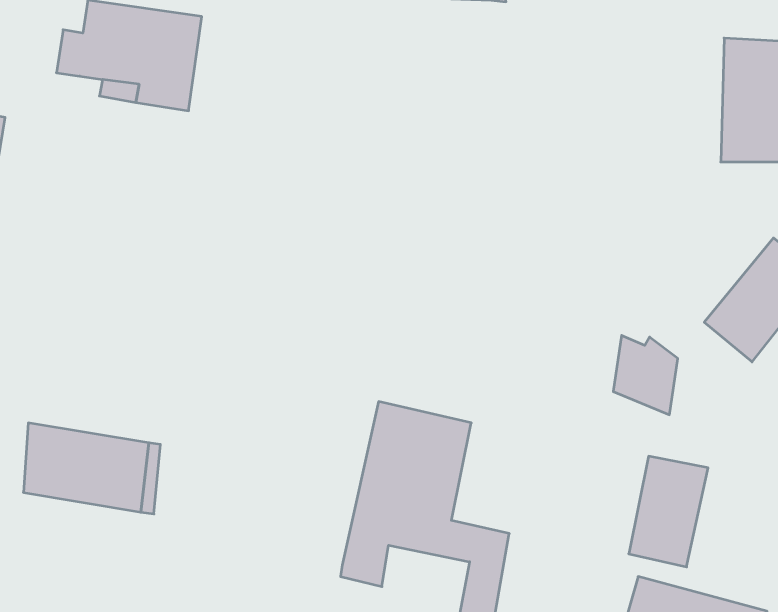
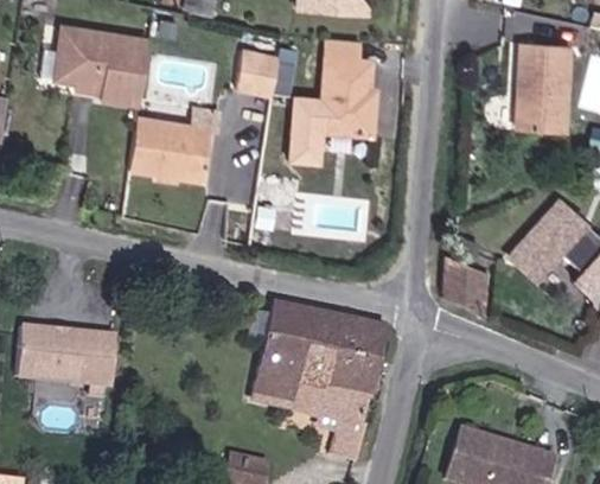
building: none -> [292,36,382,158]
building: none -> [232,46,275,90]
building: none -> [135,114,215,179]
building: [629,456,708,567] -> [327,324,384,403]

